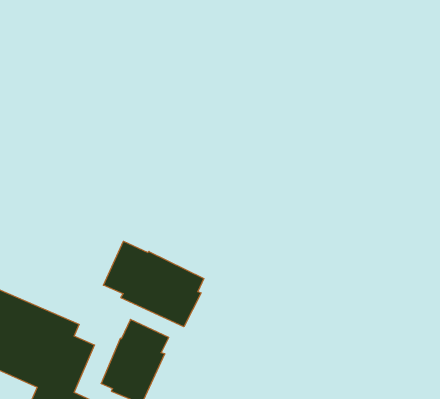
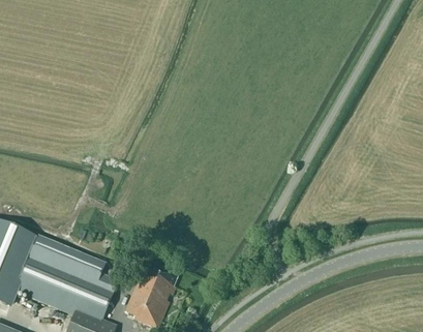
building: [103,241,204,327] -> none

